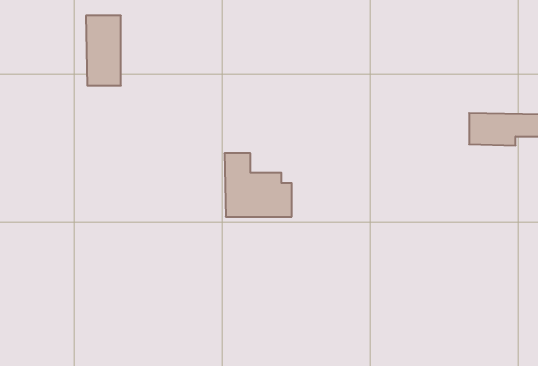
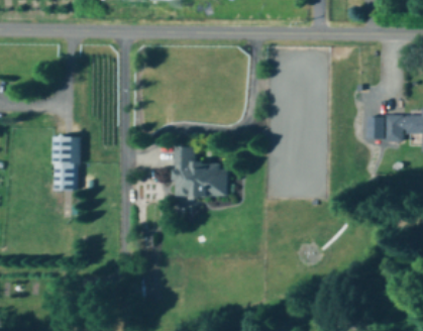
building: [86,16,121,86] -> [50,135,78,190]

